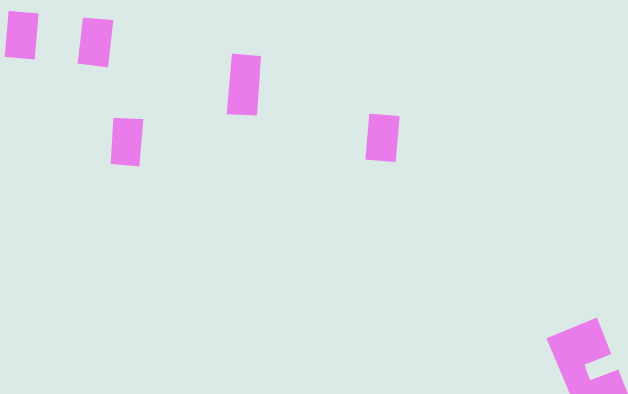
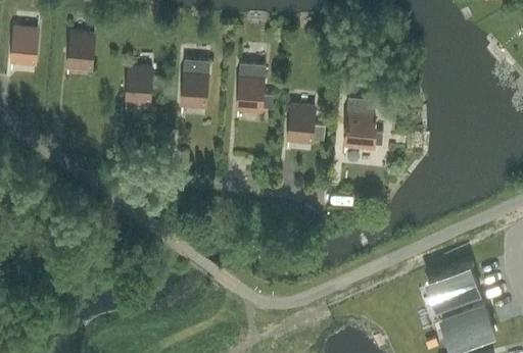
building: none -> [237,64,274,112]
building: none -> [344,98,382,150]
building: [110,118,144,167] -> [126,67,152,105]

